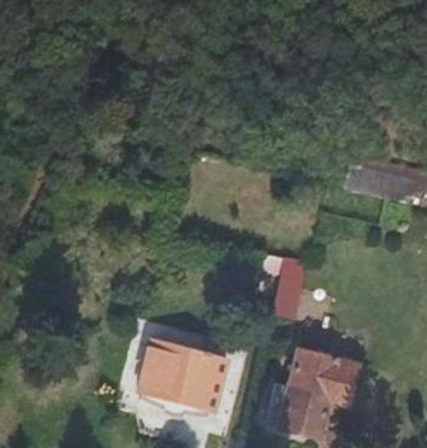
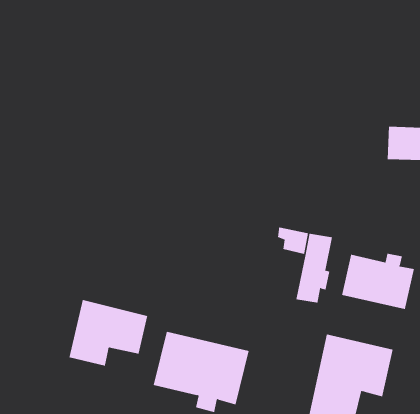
building: none -> [342,253,414,310]
building: none -> [69,299,148,367]

